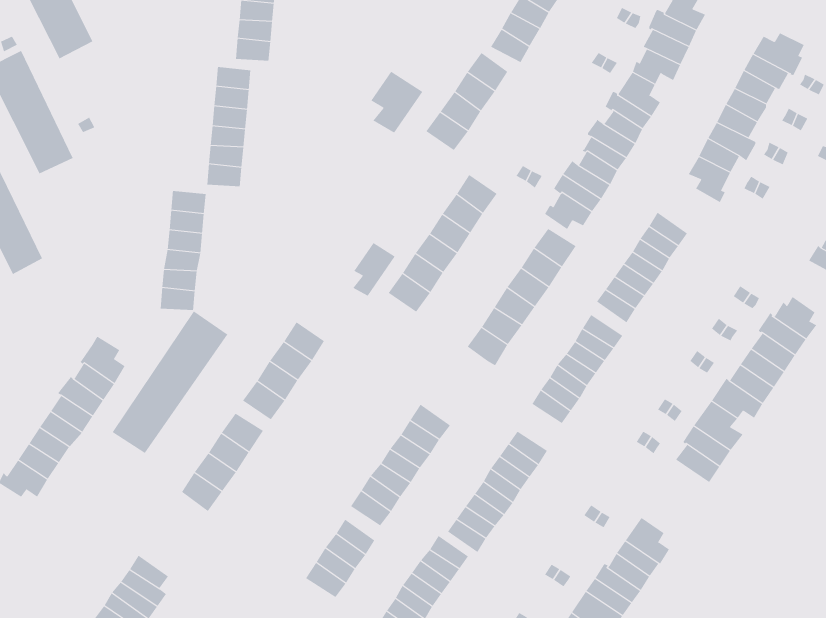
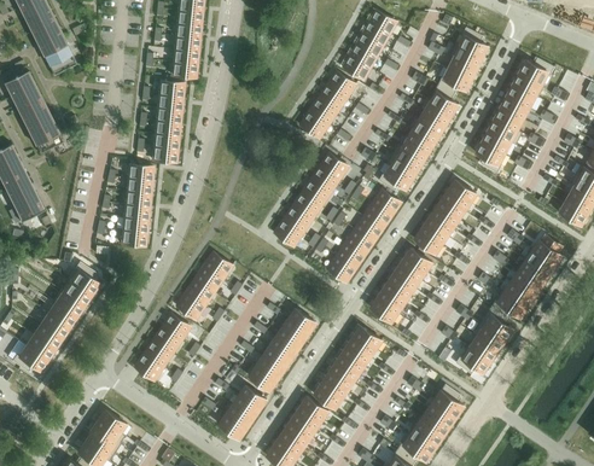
building: [370,71,423,134] -> none
building: [353,242,396,297] -> none
building: [112,311,228,454] -> none
building: none -> [455,346,490,374]

